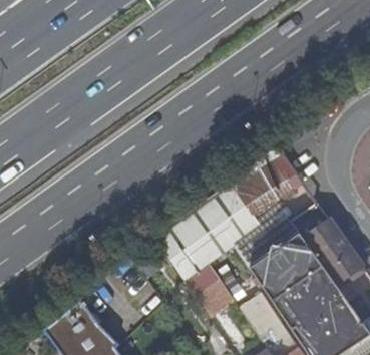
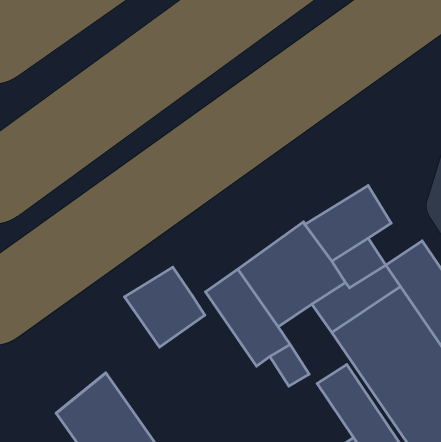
building: none -> [125,267,205,347]

